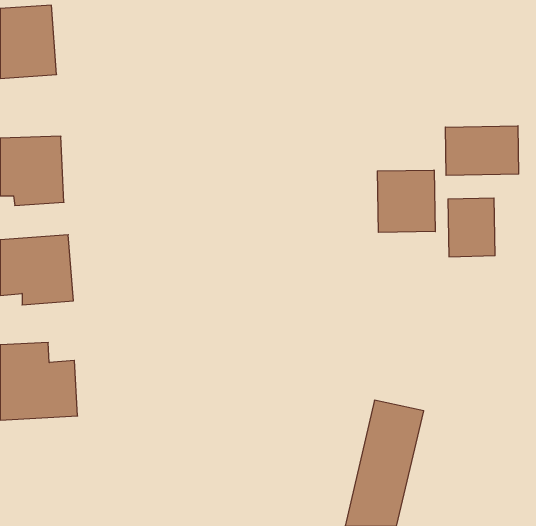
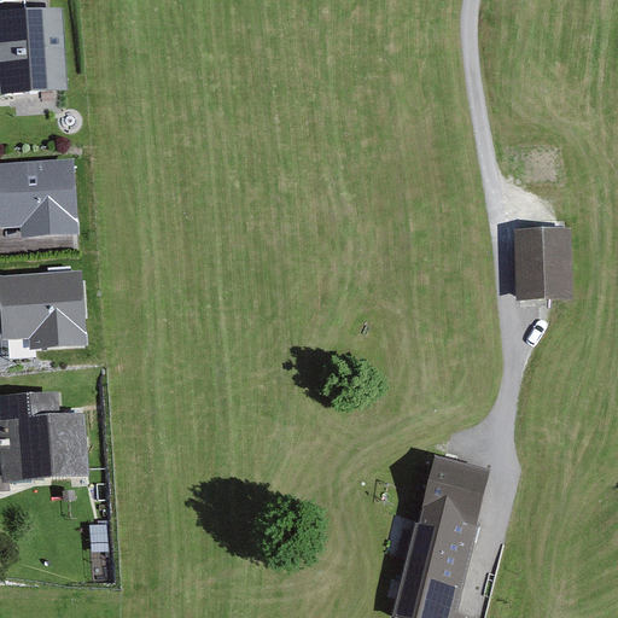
building: [445,126,519,175] -> none
building: [377,170,435,232] -> none

